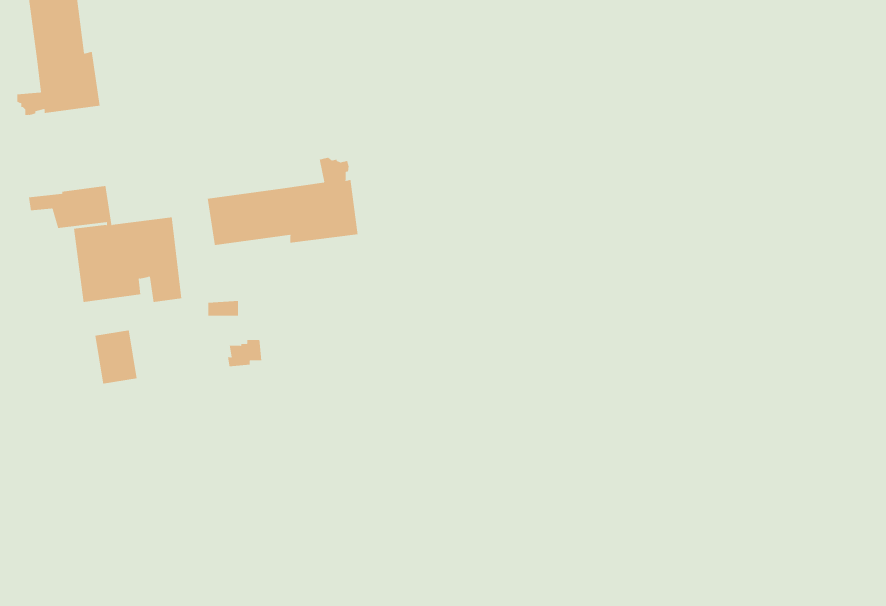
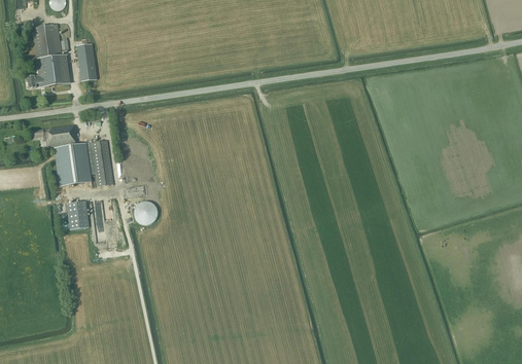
building: none -> [77,43,96,81]
building: [207,157,358,246] -> none

